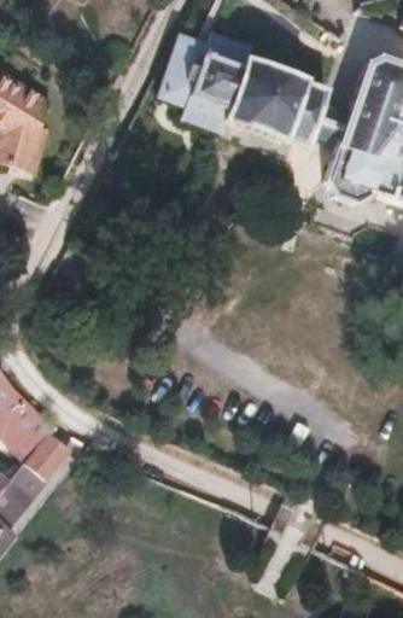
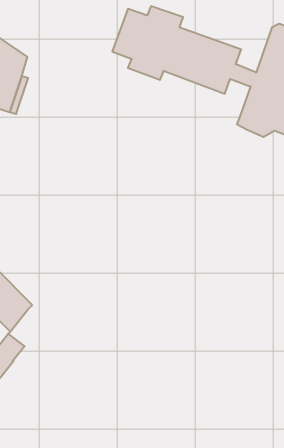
building: [24,428,71,477] -> none

